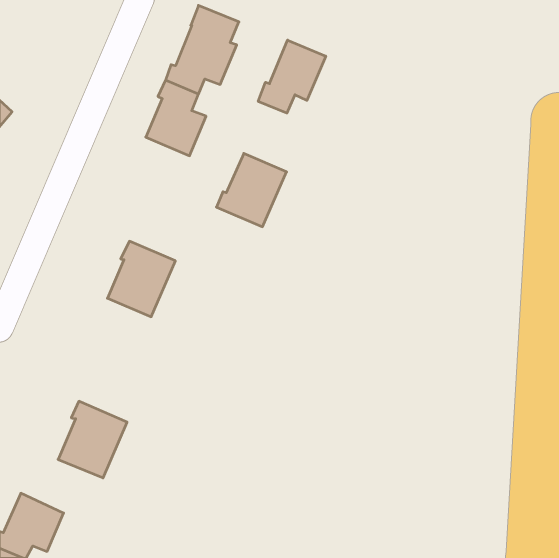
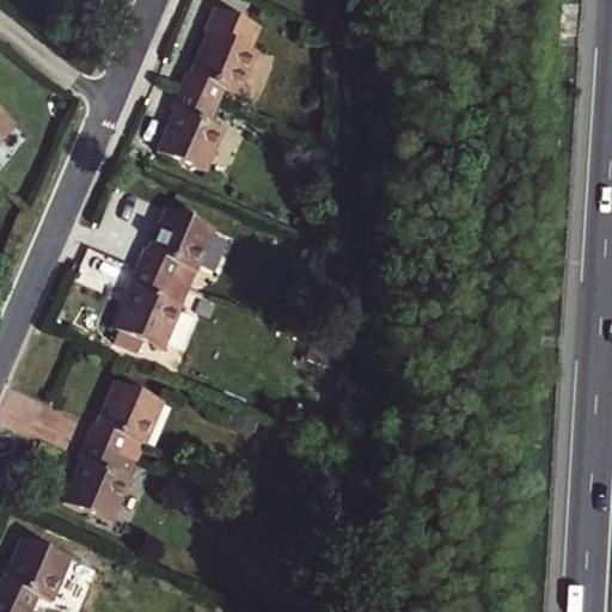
building: [258,40,326,113] -> none
building: [216,153,287,227] -> [141,204,218,284]
building: none -> [86,380,164,460]

